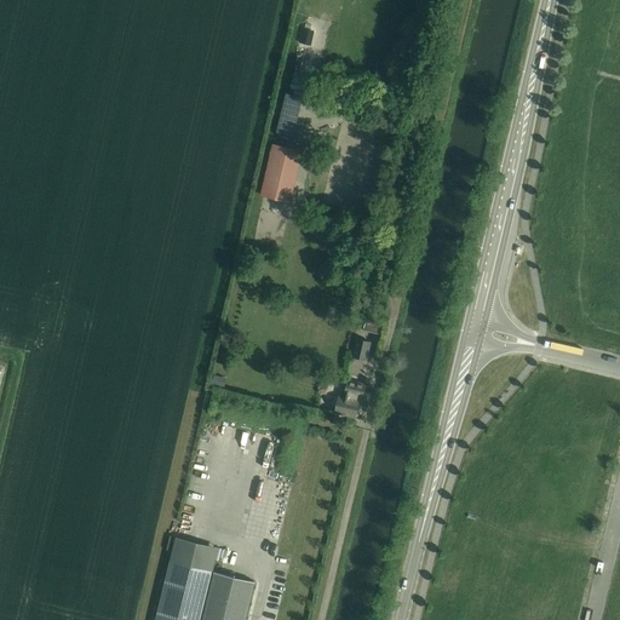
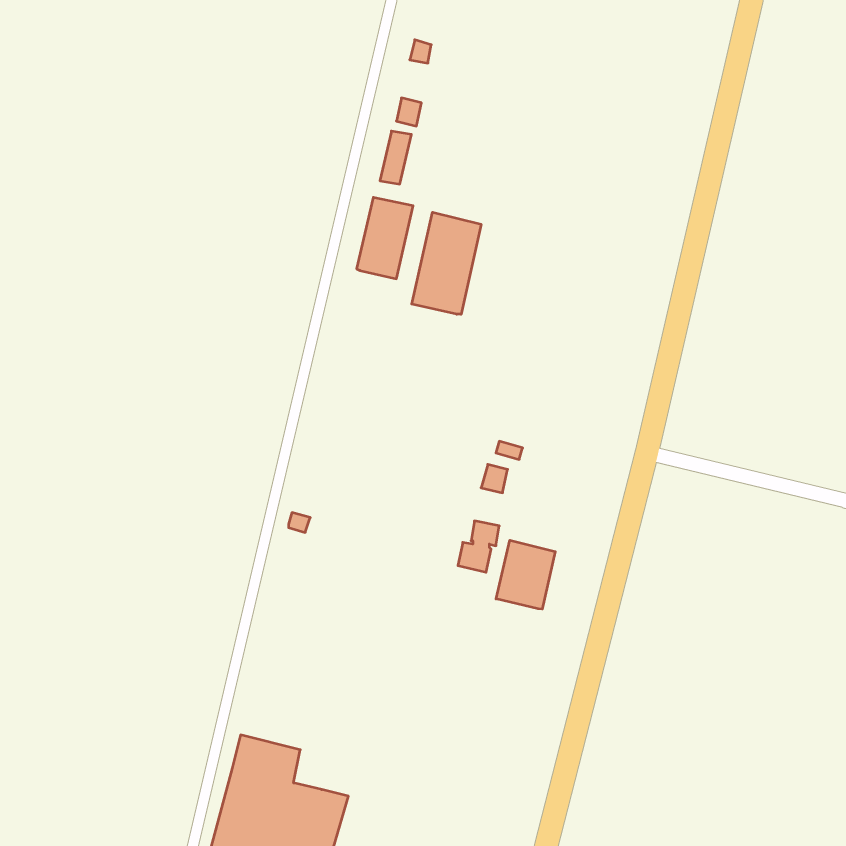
building: none -> [412,212,481,314]
building: none -> [496,540,555,609]

